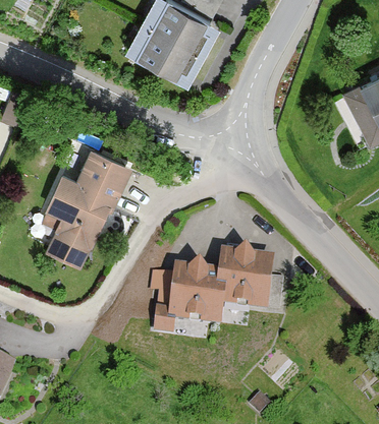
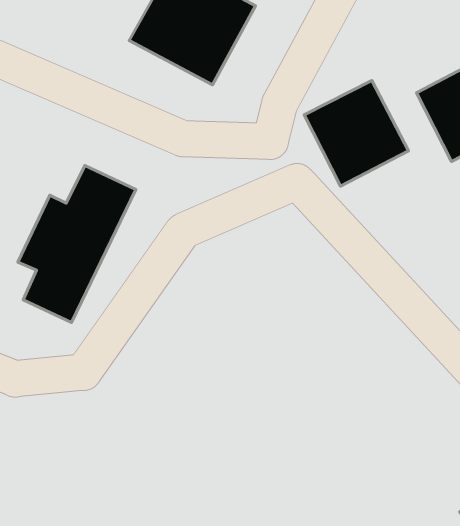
building: none -> [304,81,409,186]
building: [153,253,277,332] -> none

